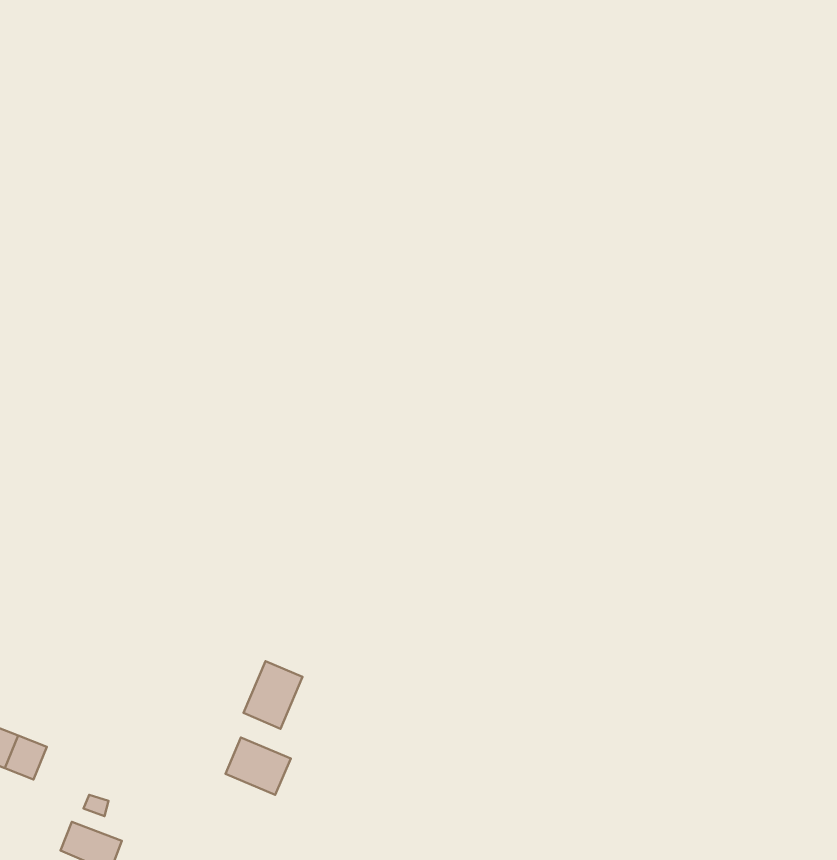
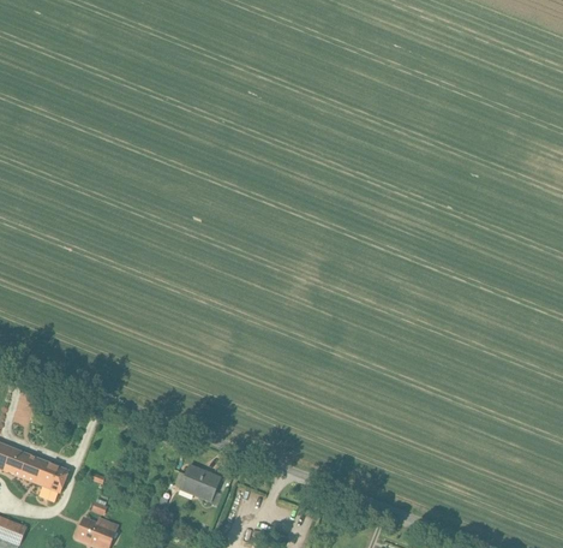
building: [244,661,302,729] -> none

